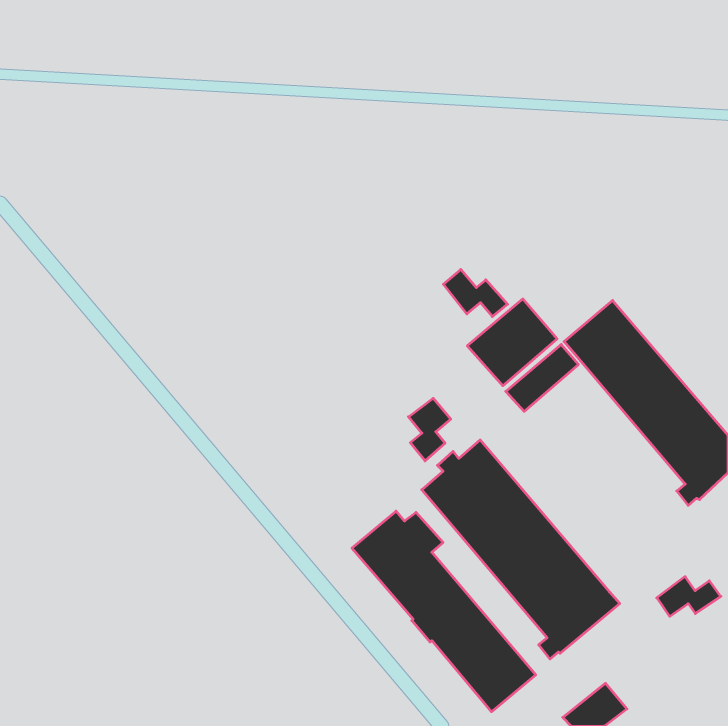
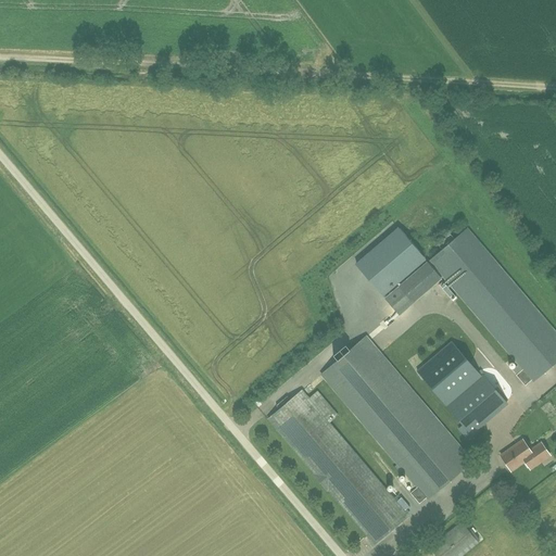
building: [443,269,508,317] -> none
building: [408,398,451,461] -> none
building: none -> [417,341,508,434]

